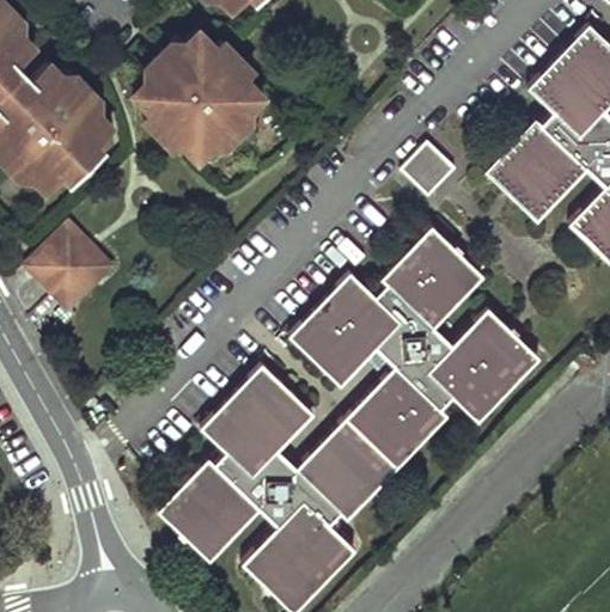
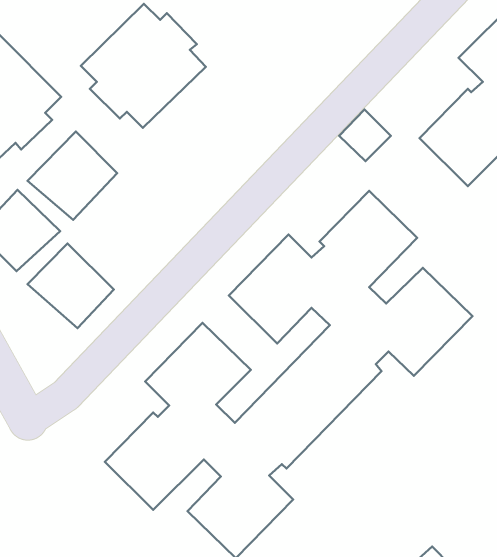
building: none -> [28,131,117,220]
building: none -> [28,243,114,328]

